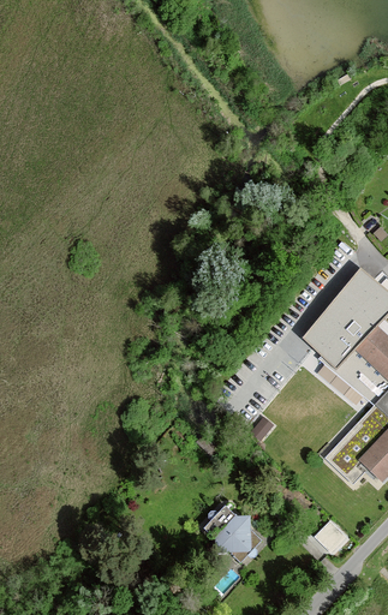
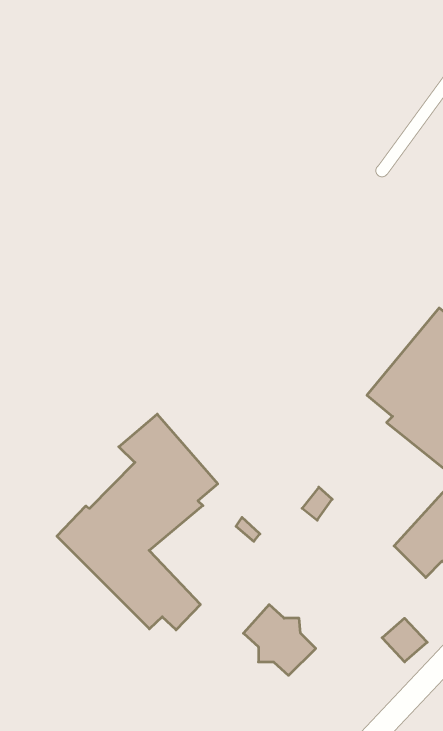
building: none -> [57,414,218,630]

